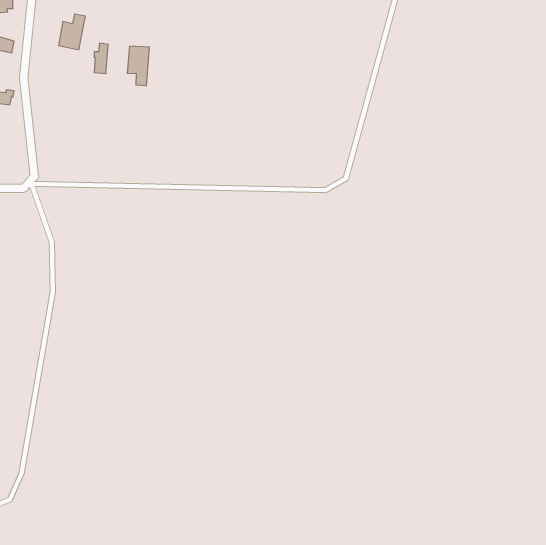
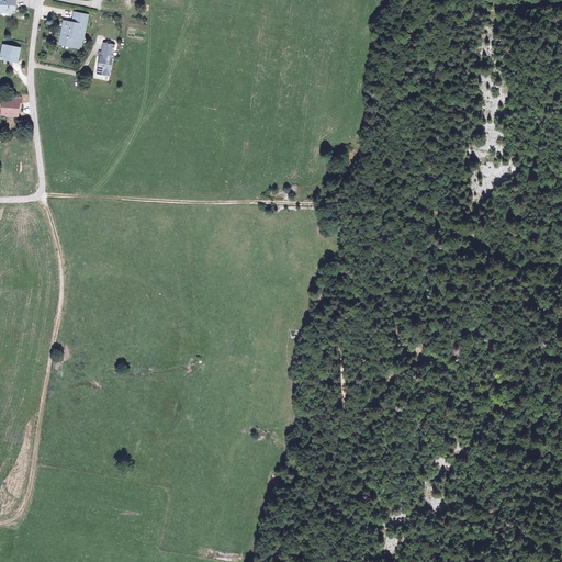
building: [127,46,149,86] -> none

